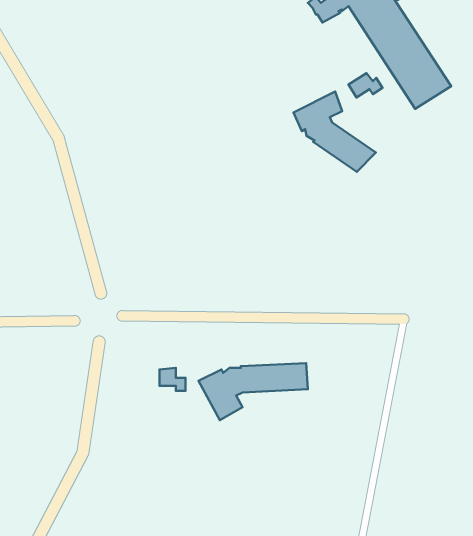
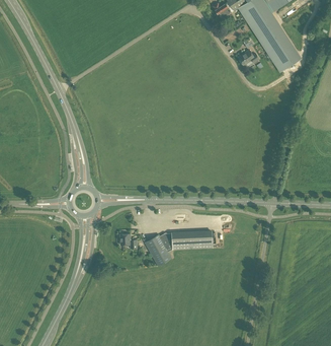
building: [294,91,376,172] -> none

